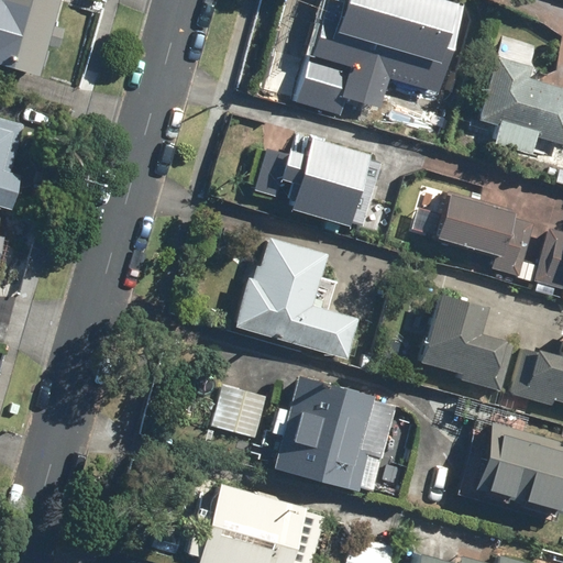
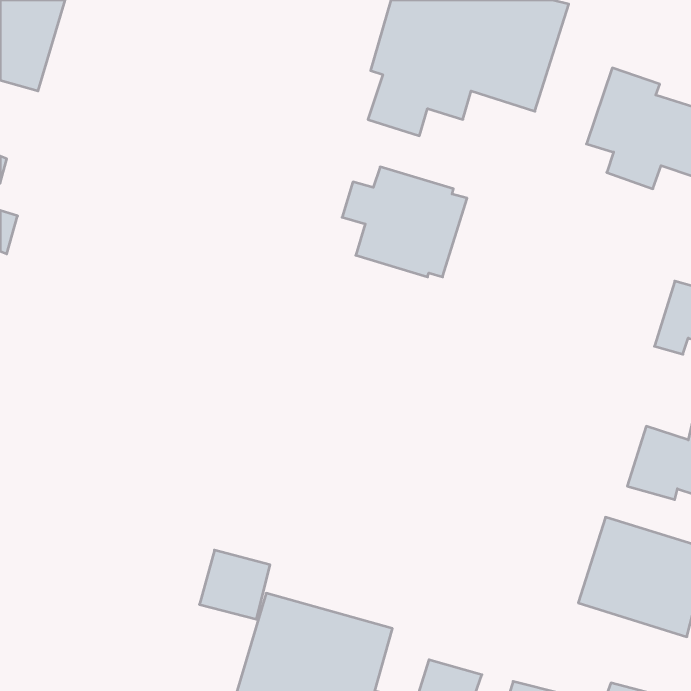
building: [435,191,531,276] -> none
building: [232,236,358,360] -> none
building: [419,292,512,391] -> none
building: [272,374,374,492] -> none
building: [208,384,265,440] -> [199,550,270,619]

